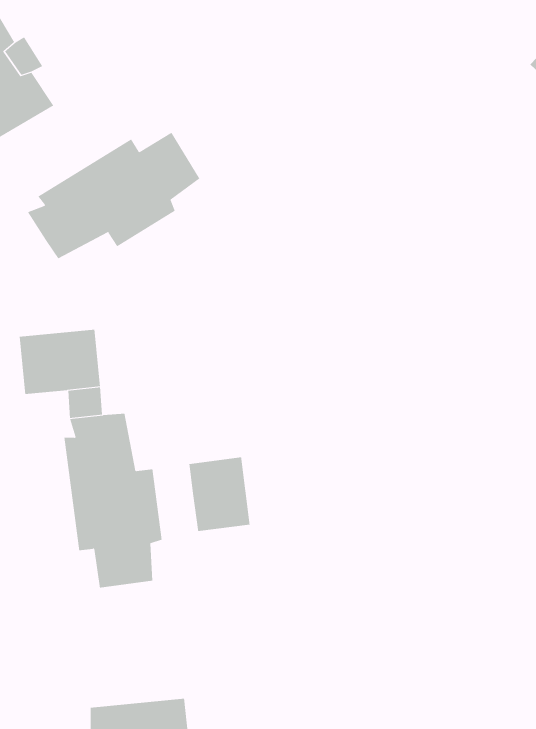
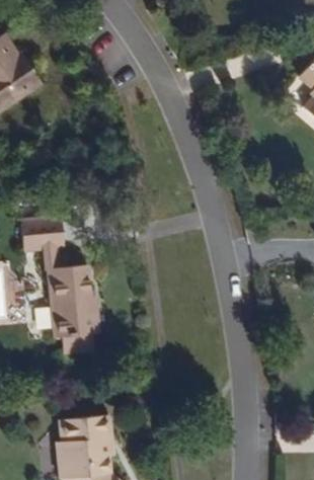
building: [27,132,200,259] -> none
building: [189,457,250,532] -> none

